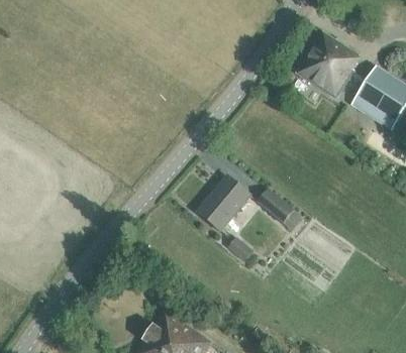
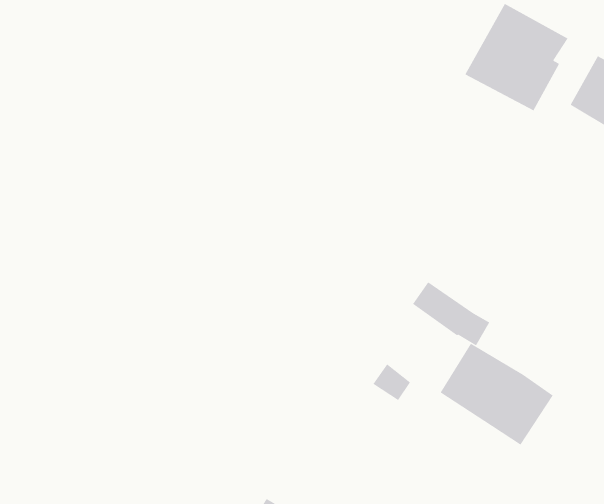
building: [194,178,247,233] -> none
building: none -> [440,343,553,446]

